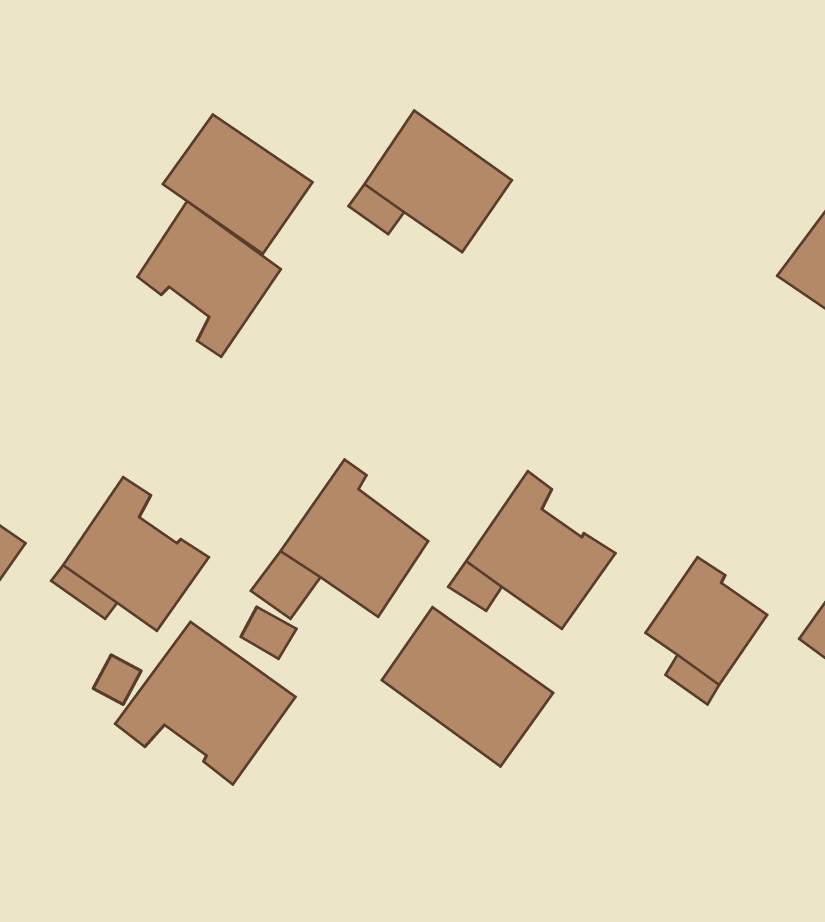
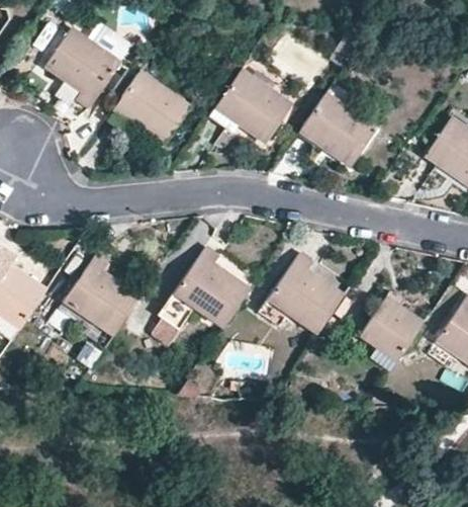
building: none -> [302,93,376,164]
building: [137,201,281,357] -> [48,27,120,106]
building: [382,607,553,767] -> none
building: [115,622,296,785] -> none

